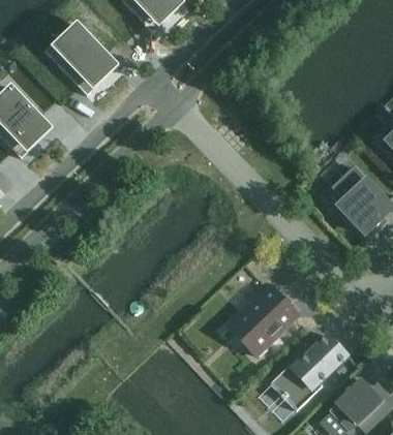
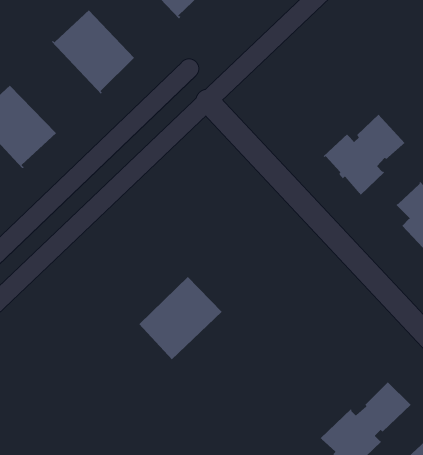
building: none -> [323,114,405,195]
building: [229,284,299,354] -> [138,276,222,360]

